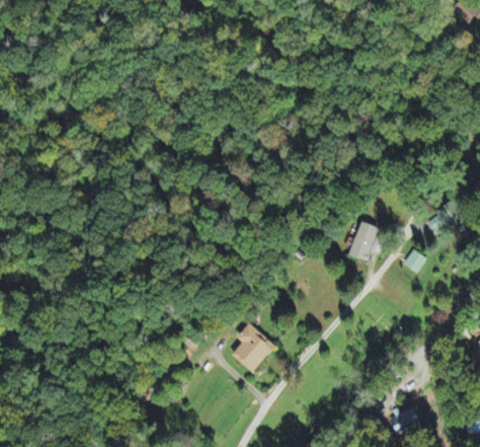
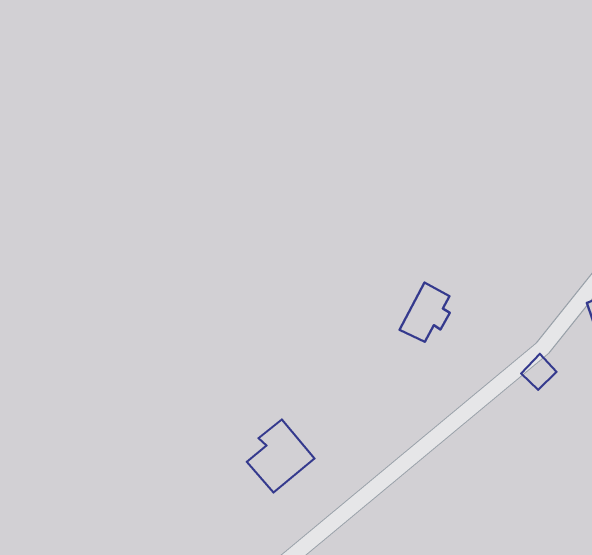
building: [348,221,380,260] -> [399,283,450,342]

